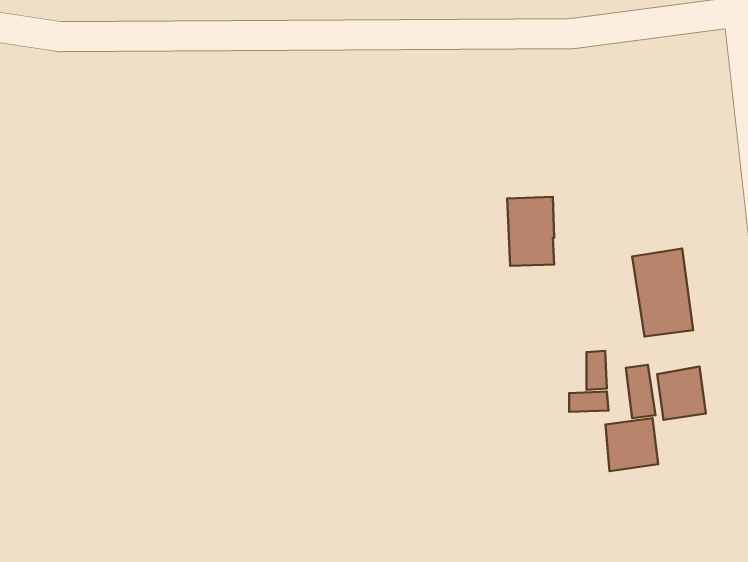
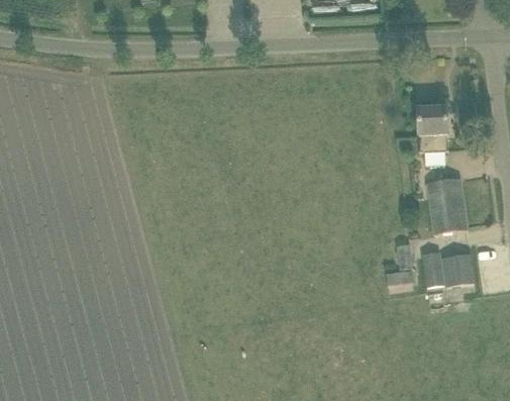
building: [507,197,554,266] -> [417,107,447,152]
building: [606,418,658,471] -> none

